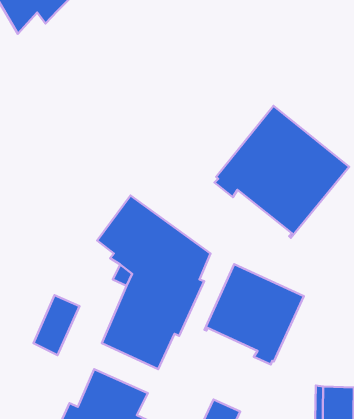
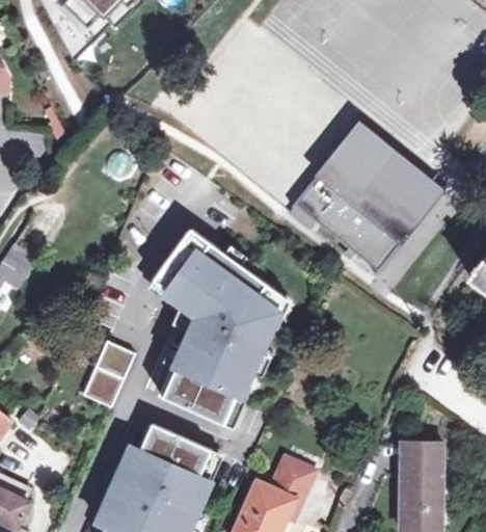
building: [205,264,304,365] -> none

